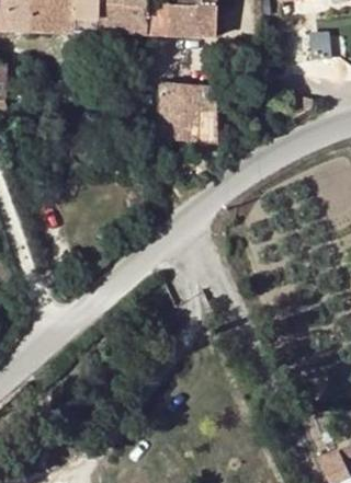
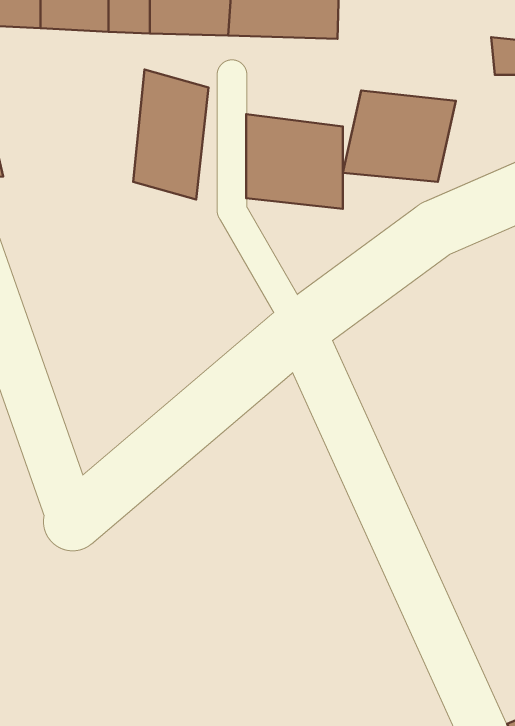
building: none -> [133,69,209,199]
building: none -> [343,90,456,182]

